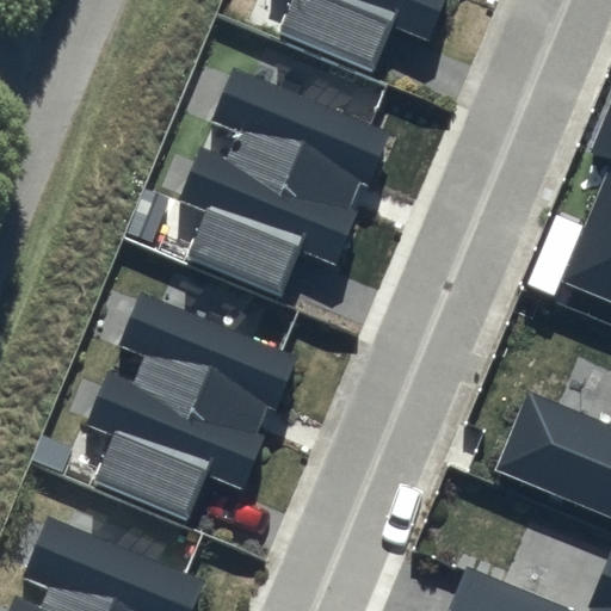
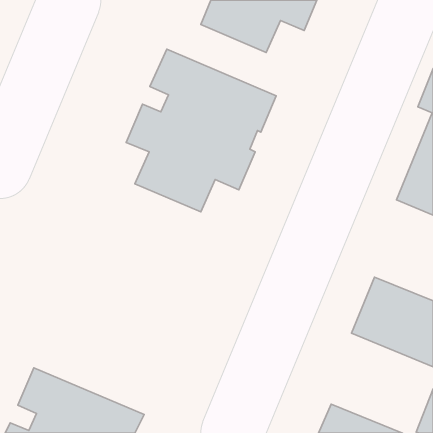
building: [85,296,297,526] -> none

